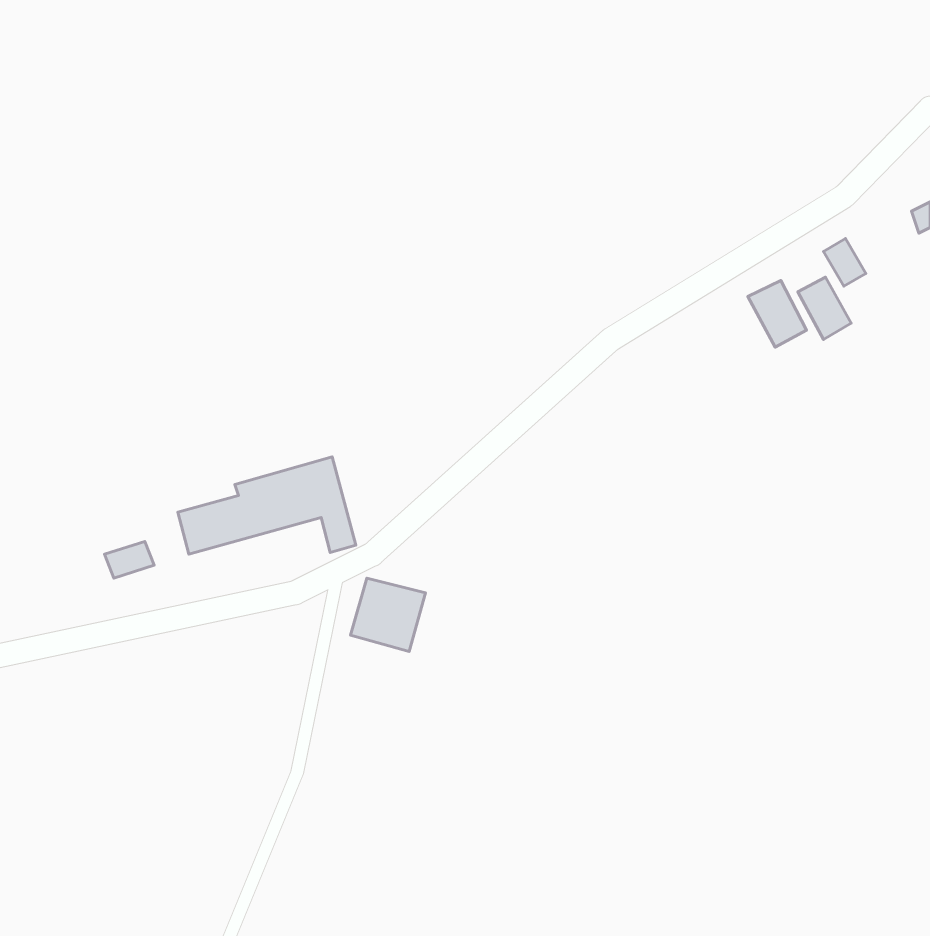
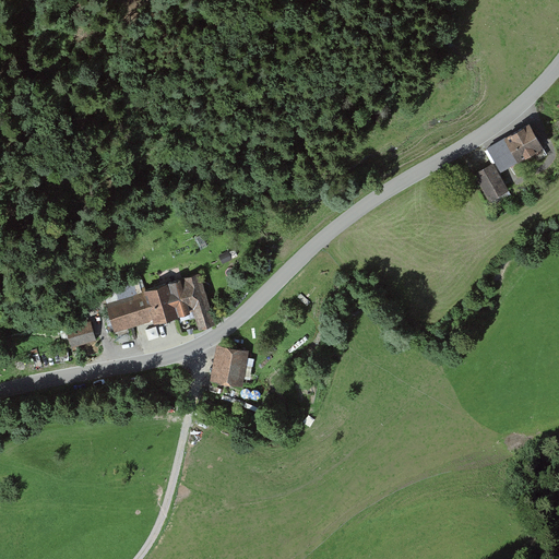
building: none -> [511,123,548,159]
building: [748,281,806,347] -> none

